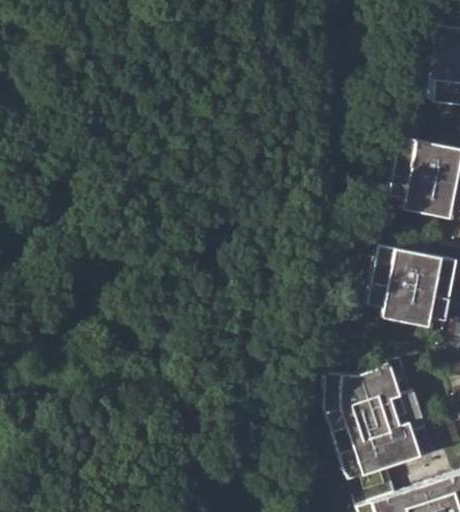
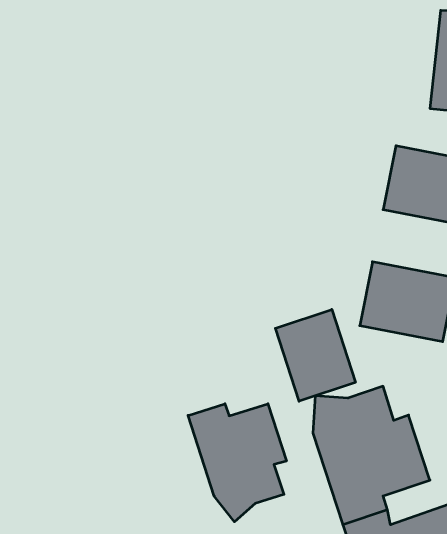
building: none -> [275,309,355,401]
building: none -> [188,404,286,522]

